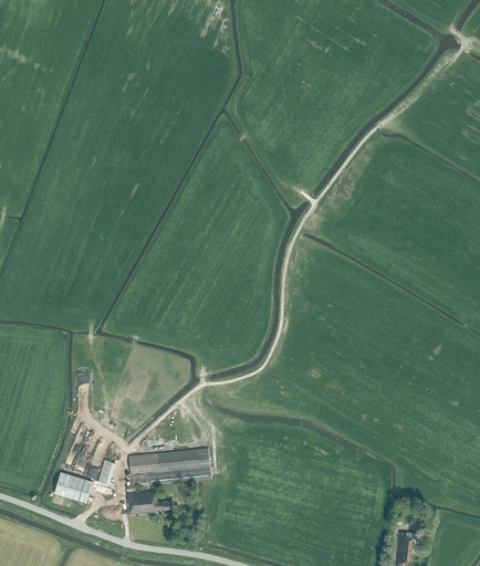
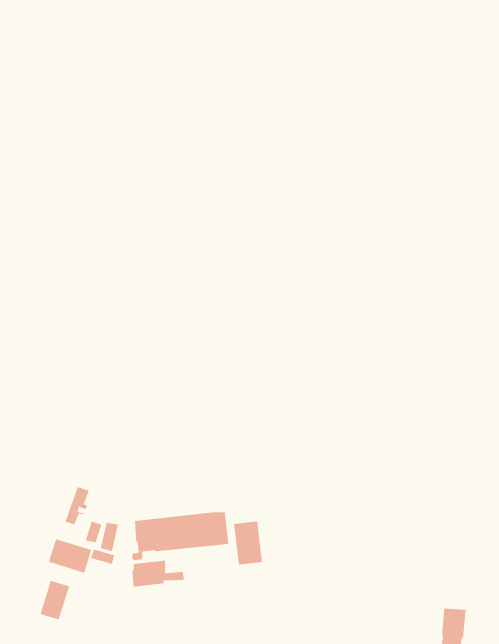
building: none -> [233,520,263,565]
building: none -> [40,580,70,620]

